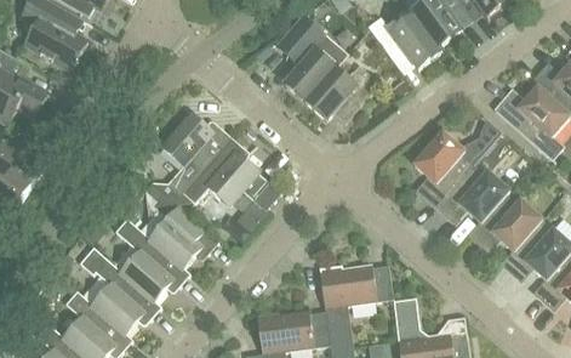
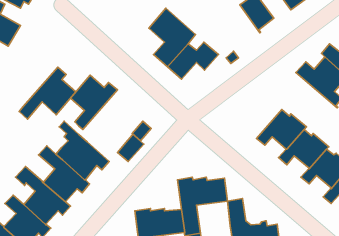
building: [367,11,440,69] -> none
building: [413,117,501,208] -> none
building: [173,136,257,212] -> [19,67,76,119]

